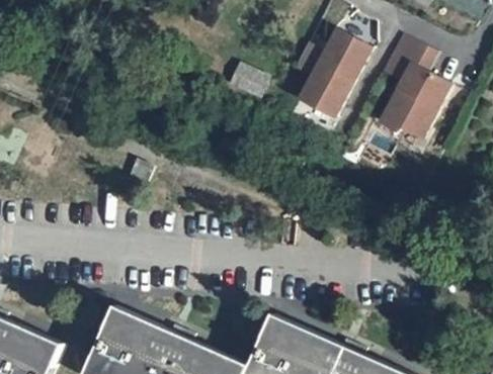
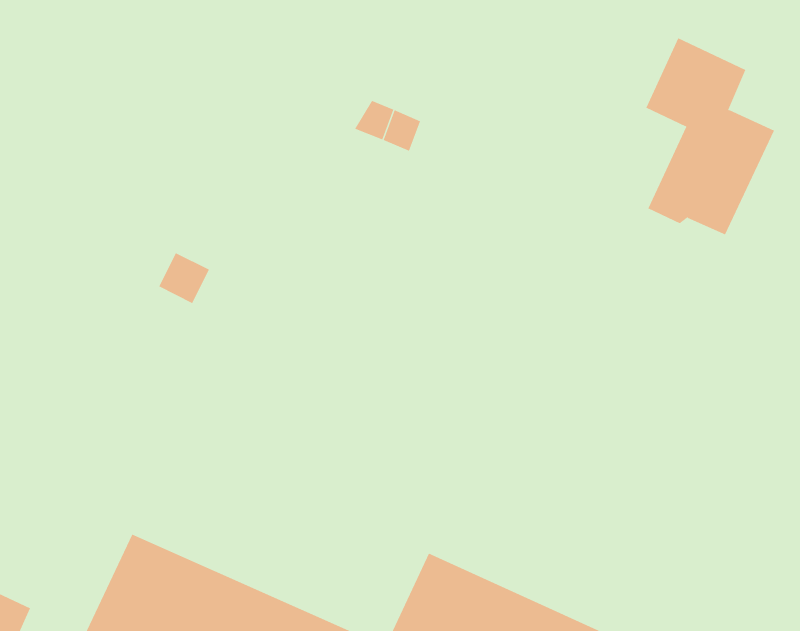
building: [297,38,373,124] -> none

